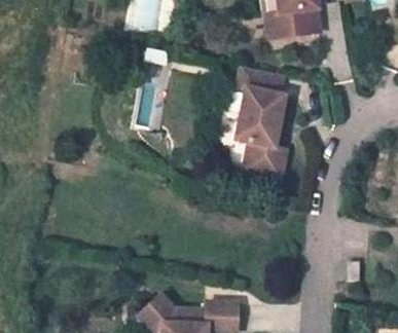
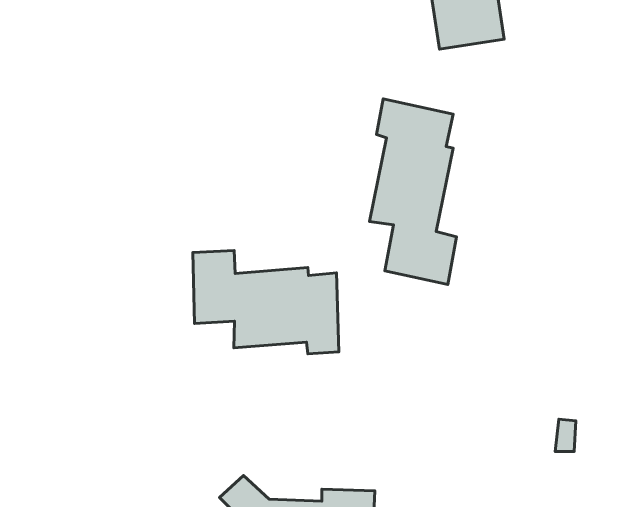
building: none -> [193,250,339,354]

